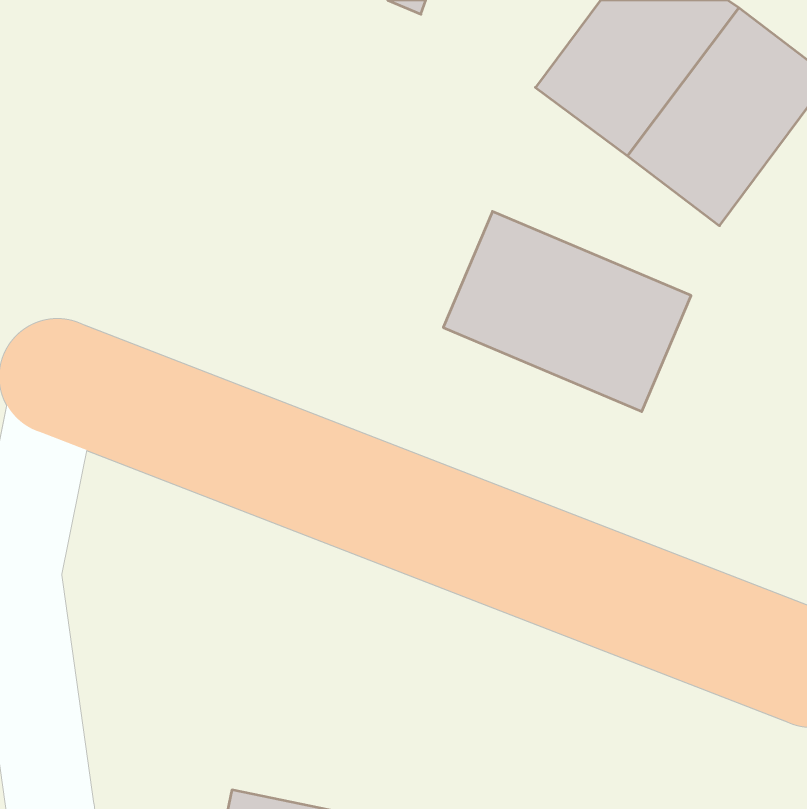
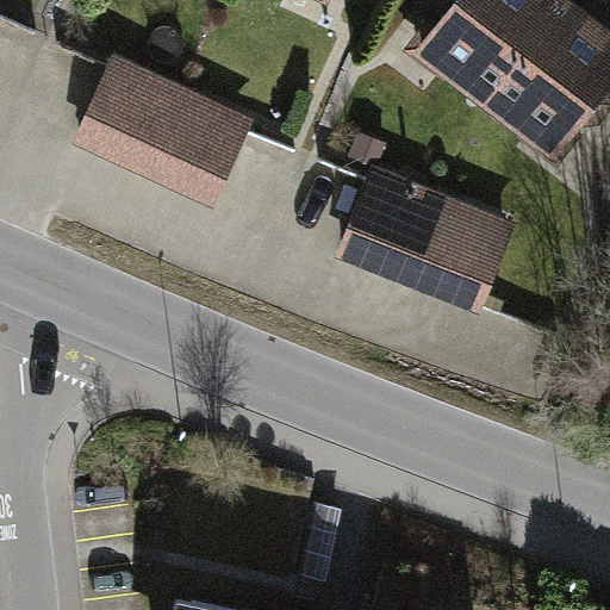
building: none -> [75,56,253,204]

